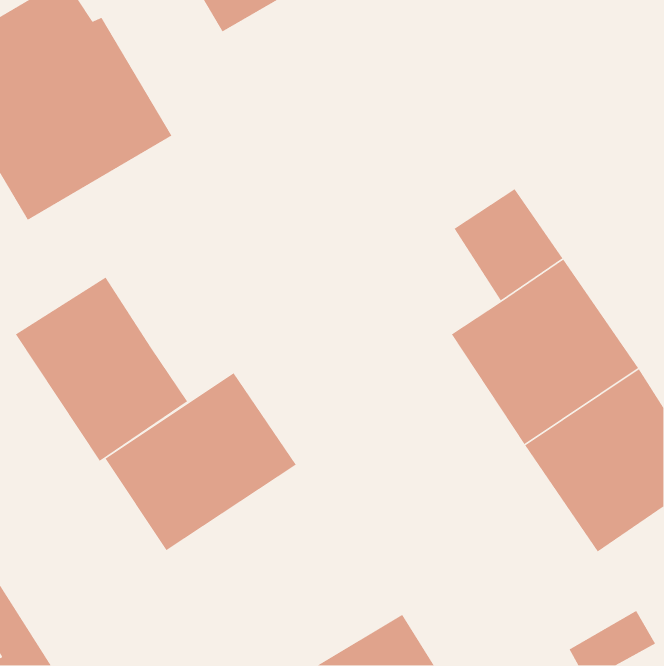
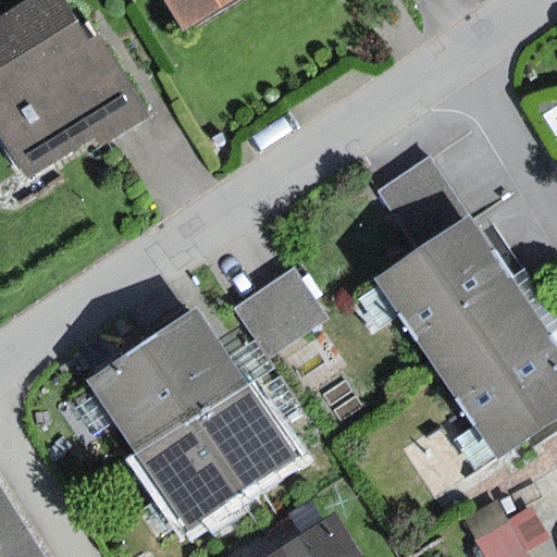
building: [15,276,188,462] -> none
building: none -> [236,270,327,359]
building: none -> [138,387,295,531]

